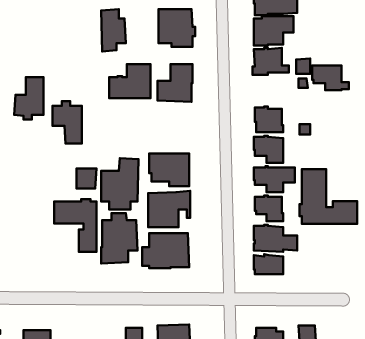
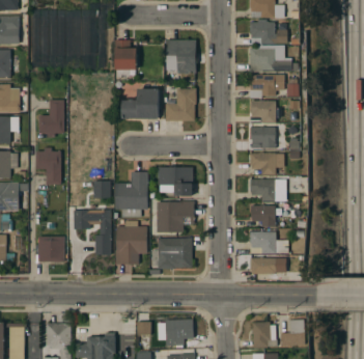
building: [312,66,349,90] -> [250,101,282,122]
building: [53,101,82,143] -> [35,147,61,185]
building: [299,169,357,224] -> none
building: none -> [38,237,64,261]

